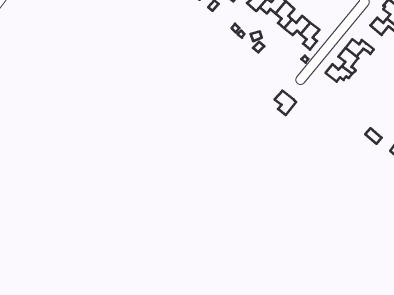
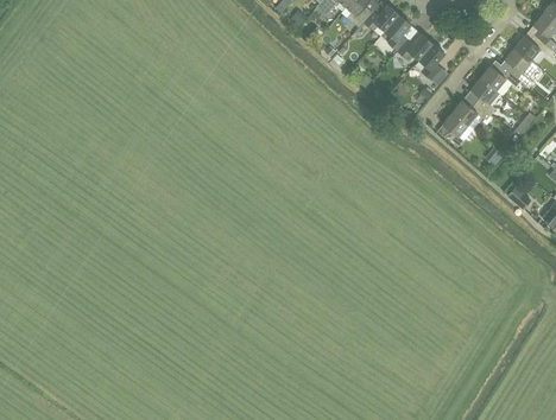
building: none -> [505,46,532,87]
building: [275,91,296,115] -> [443,112,473,145]

